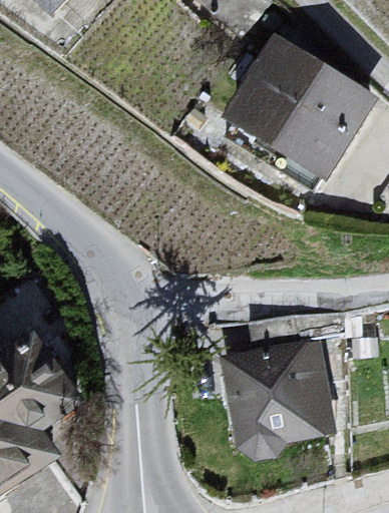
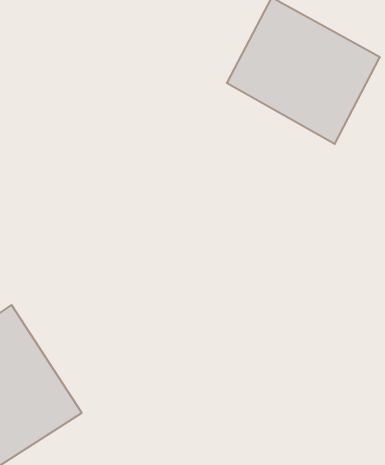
building: [214,335,332,455] -> none

